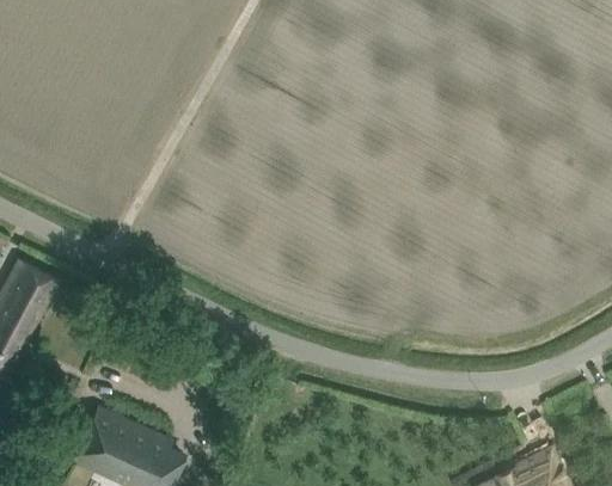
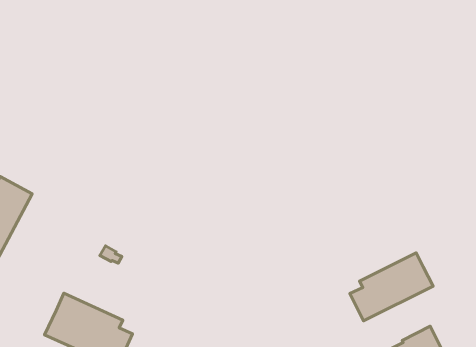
building: none -> [350,253,433,321]

